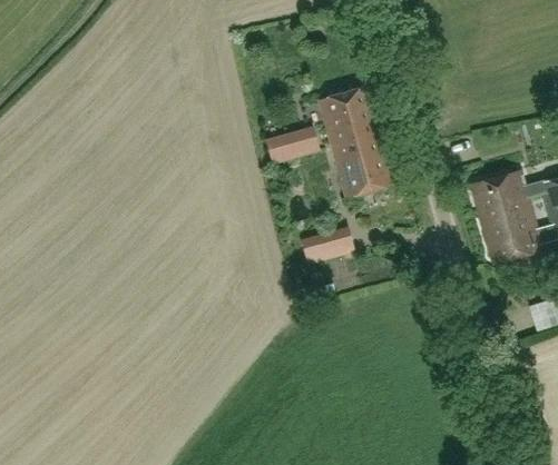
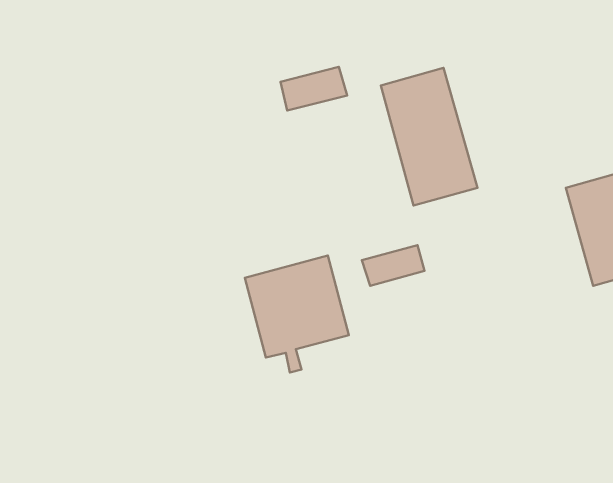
building: [265,126,320,161] -> [280,67,347,110]
building: none -> [245,255,349,372]

